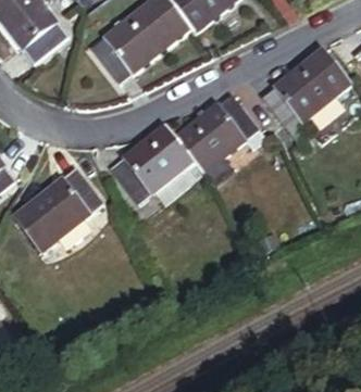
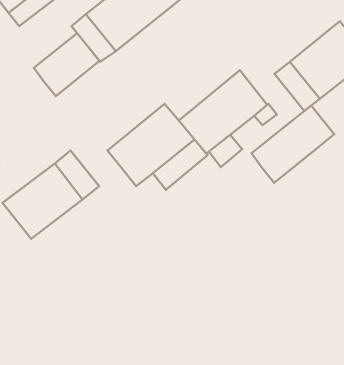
building: none -> [34,33,99,96]
building: none -> [251,106,334,183]

